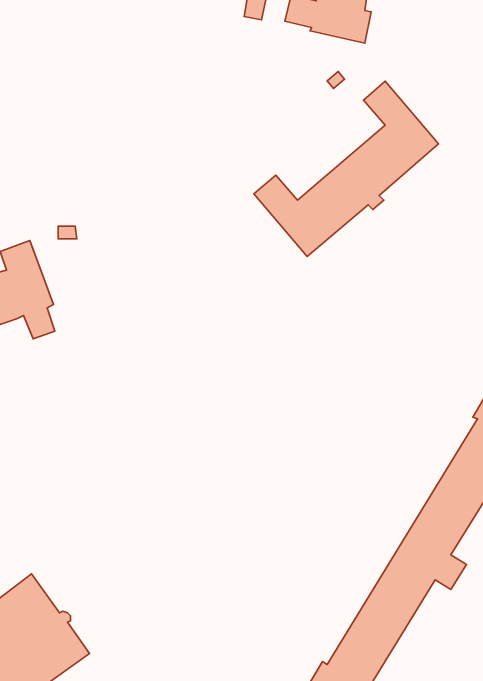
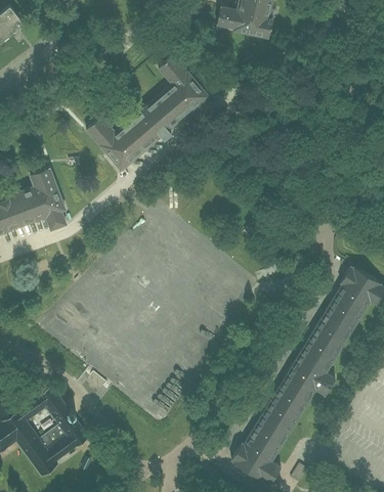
building: [254,81,438,257] -> [87,56,208,171]

